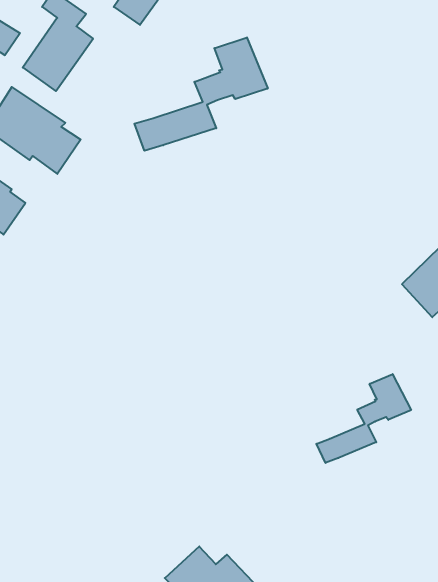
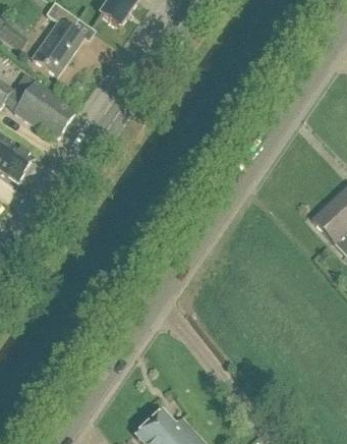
building: [134,37,268,151] -> none
building: [316,374,411,463] -> none

